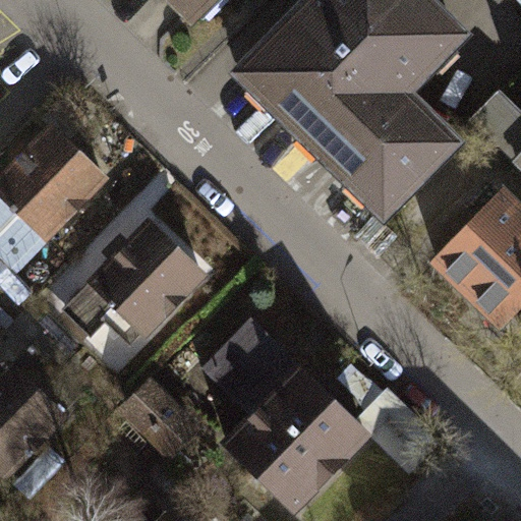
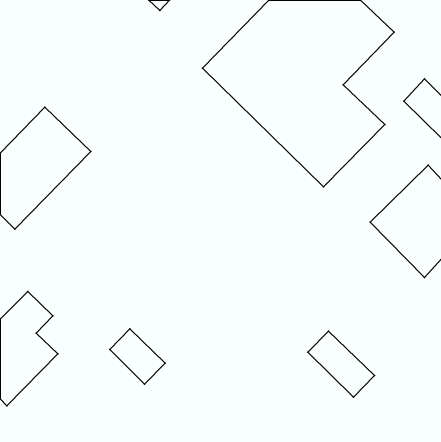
building: [68,223,206,335] -> none
building: [210,322,368,508] -> none

